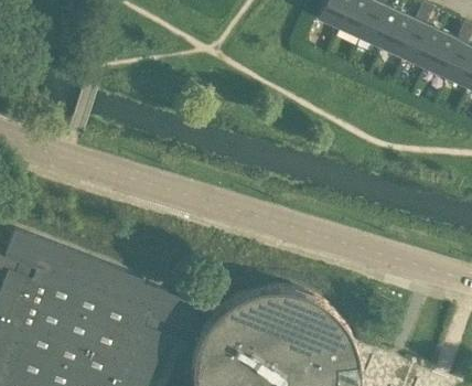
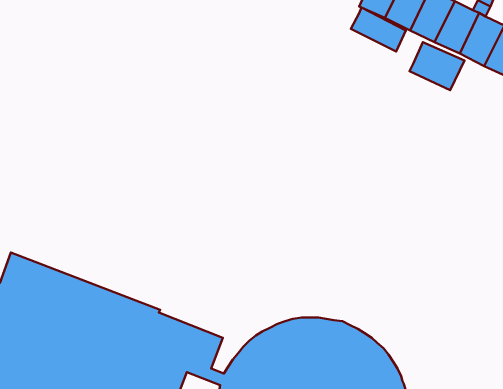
building: none -> [351,7,406,51]
building: none -> [409,42,465,90]

